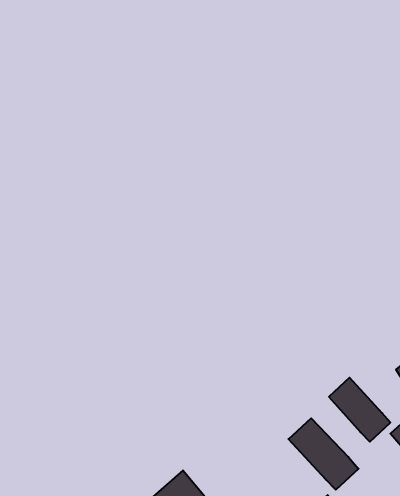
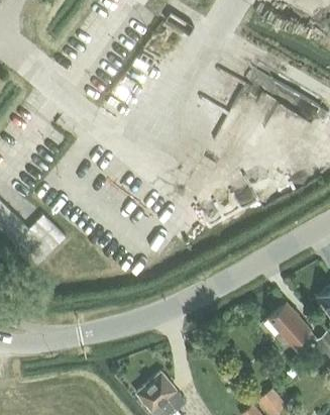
building: [288,418,359,490] -> none

